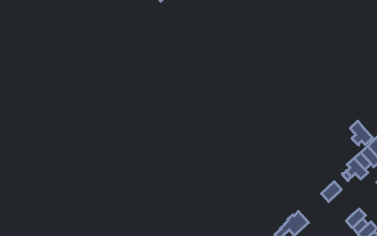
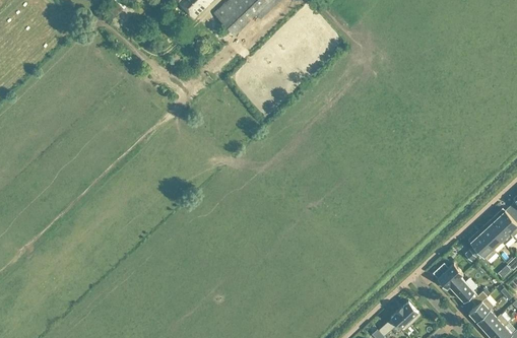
building: [350,121,373,145] -> none
building: none -> [448,277,486,307]

